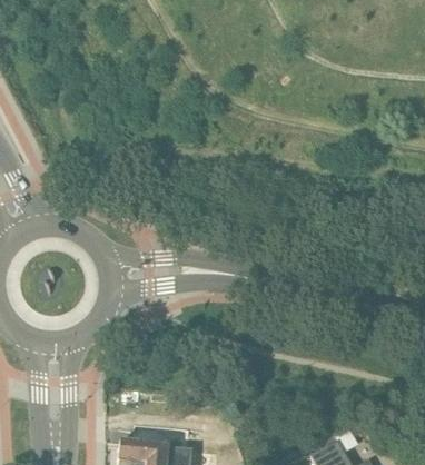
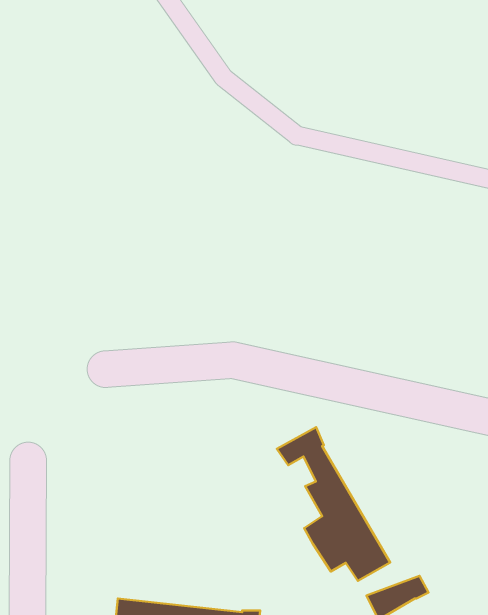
building: none -> [277,427,390,581]

